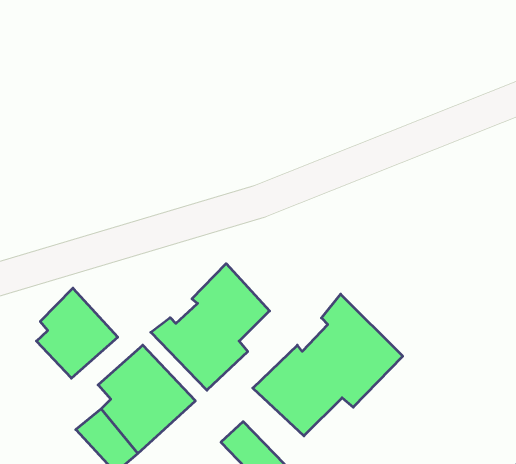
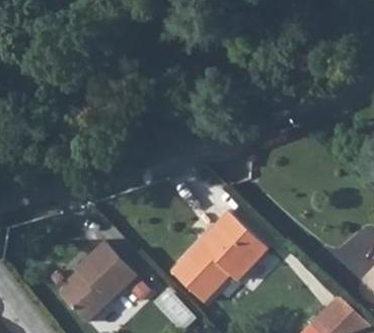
building: [151,264,270,390] -> none
building: [36,288,118,378] -> none

